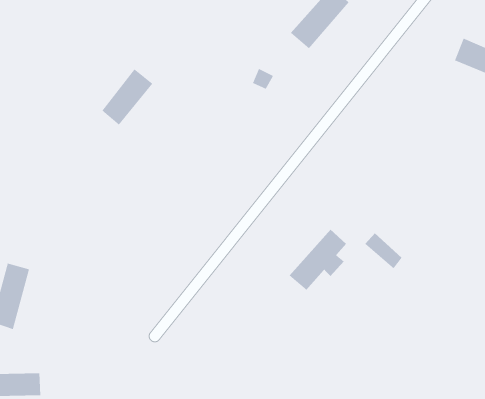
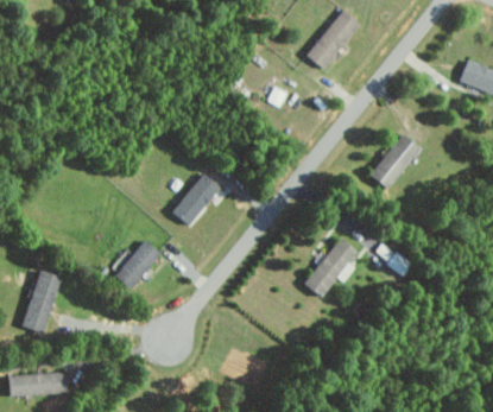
building: [101,69,153,126] -> [172,172,221,226]
building: none -> [367,133,421,190]
building: none -> [114,239,162,289]

